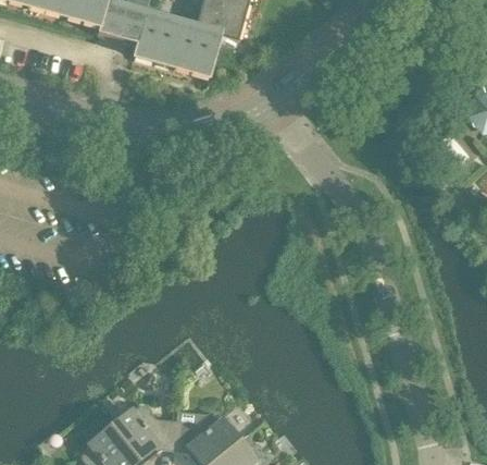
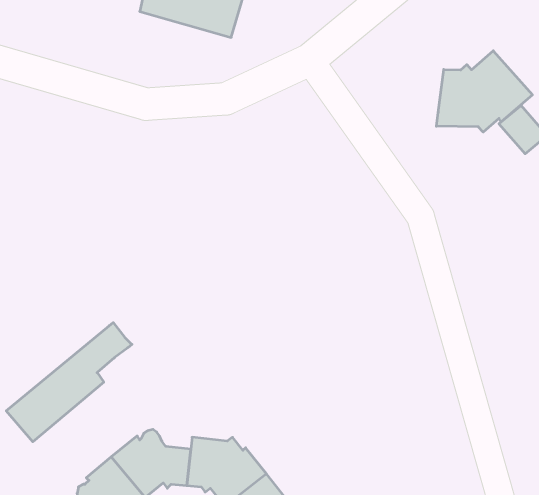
building: none -> [436,51,532,132]
building: none -> [6,323,132,442]

